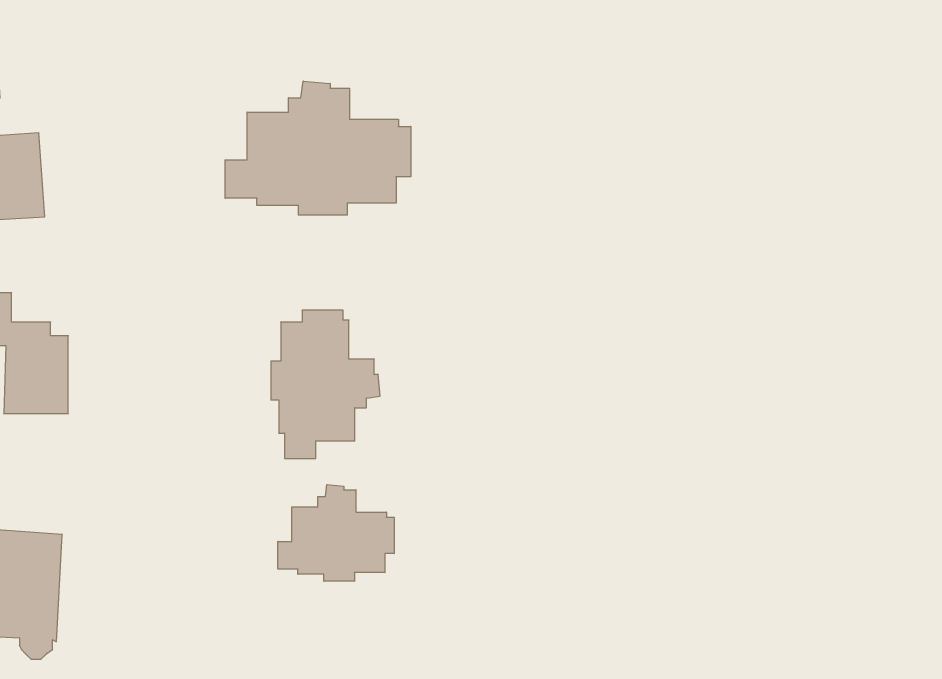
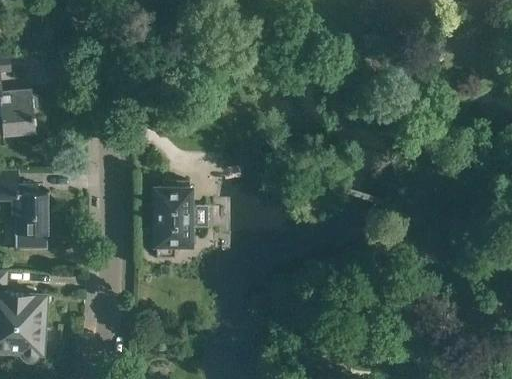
building: [225,81,411,215] -> none
building: [278,485,394,581] -> none

